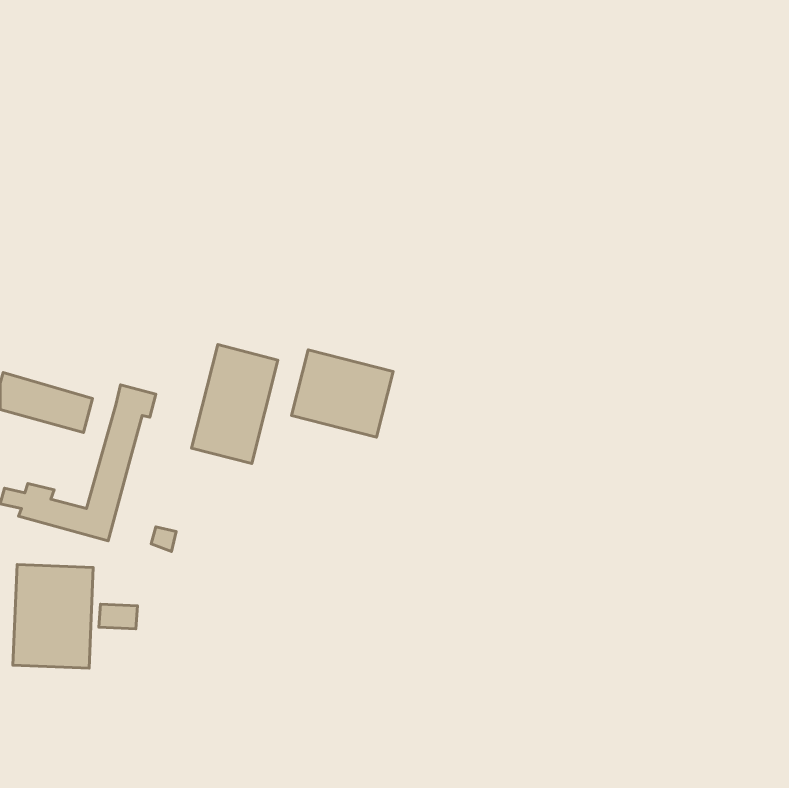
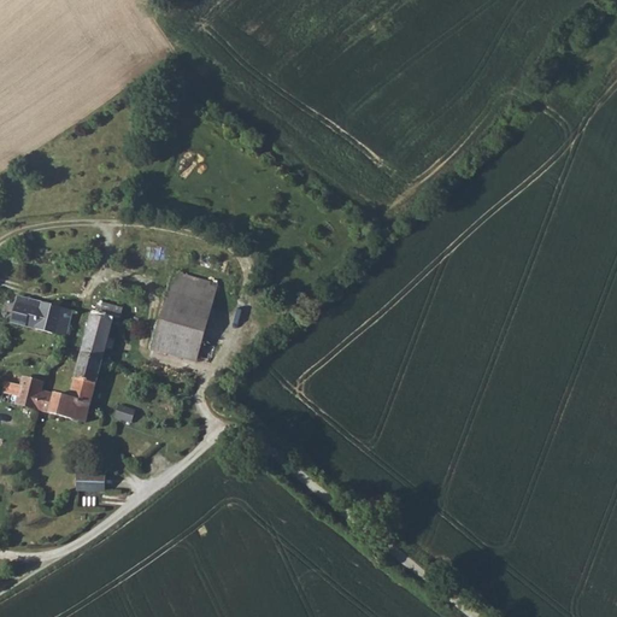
building: [292,350,393,437] -> none
building: [13,565,93,668] -> none

